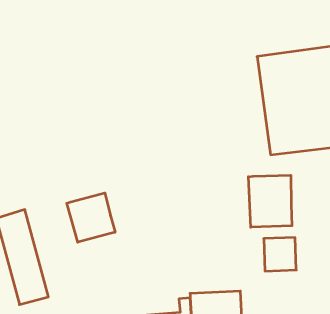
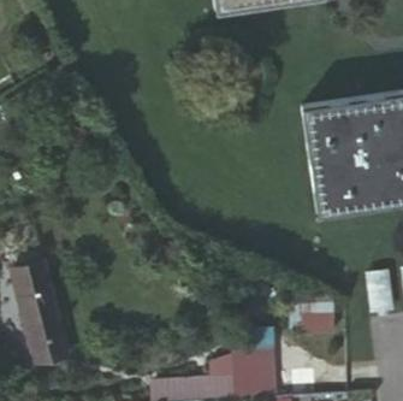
building: [248,175,292,227] -> none
building: [67,193,115,242] -> none

